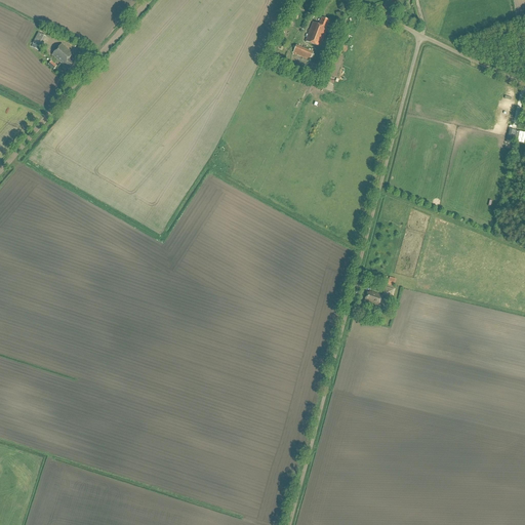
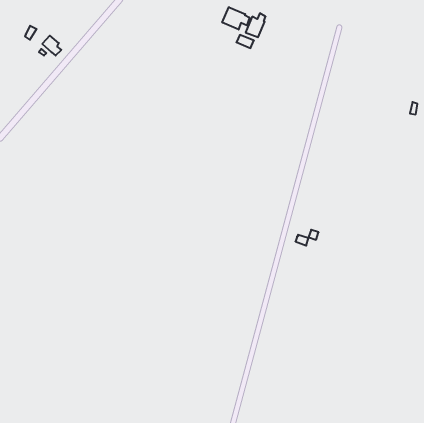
building: none -> [222,7,249,30]

